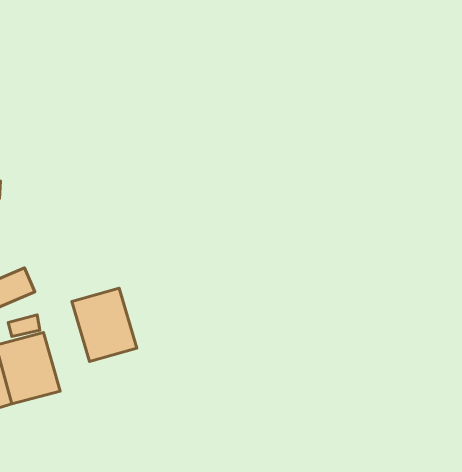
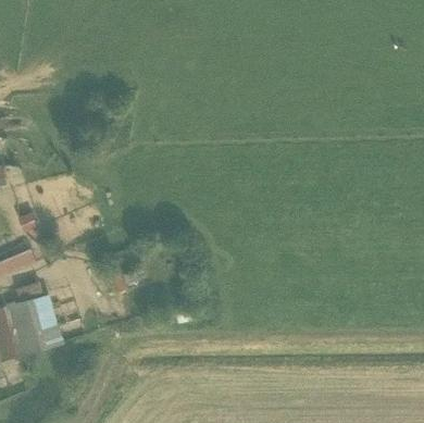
building: [72,288,137,362] -> none

